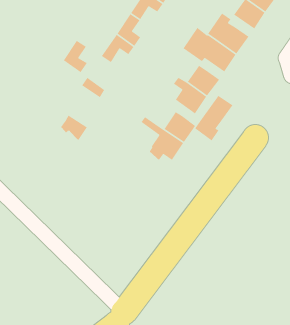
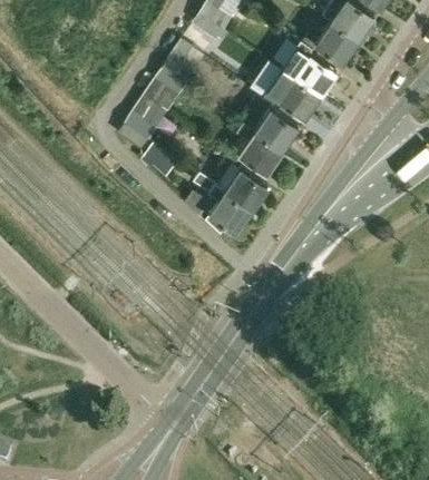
building: [63,40,88,73] -> [126,97,158,140]
building: [194,95,233,141] -> none
building: [60,114,88,141] -> [142,144,178,178]

